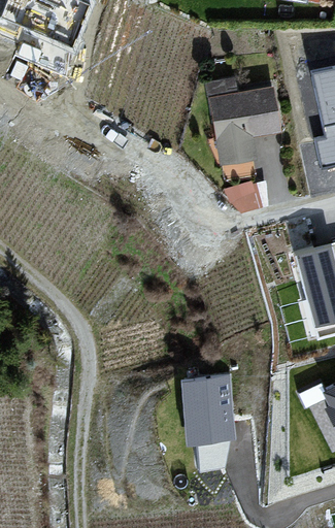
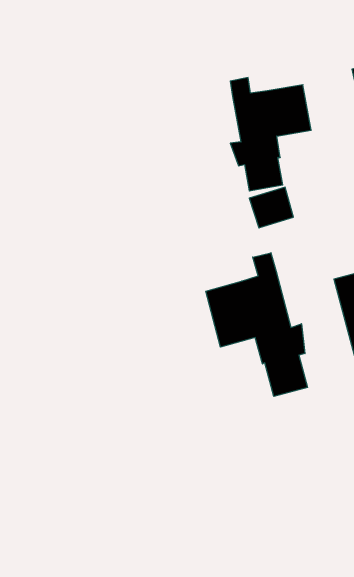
building: none -> [206,253,307,396]
building: [185,377,234,470] -> none

